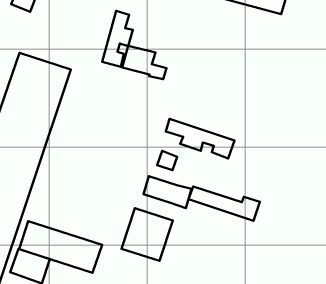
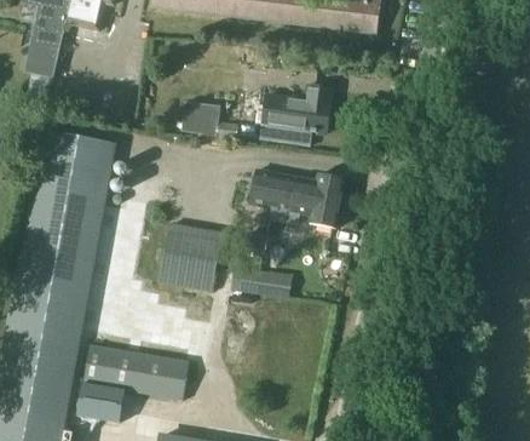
building: [102,11,133,67] -> none
building: none -> [264,82,332,144]
building: [189,187,260,221] -> [252,170,344,202]
building: [122,208,173,261] -> [159,224,219,287]

